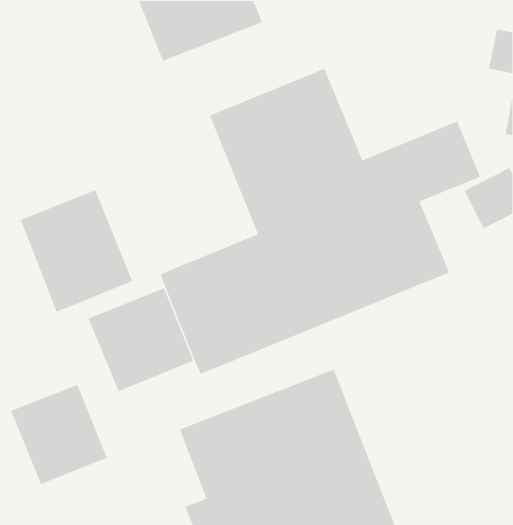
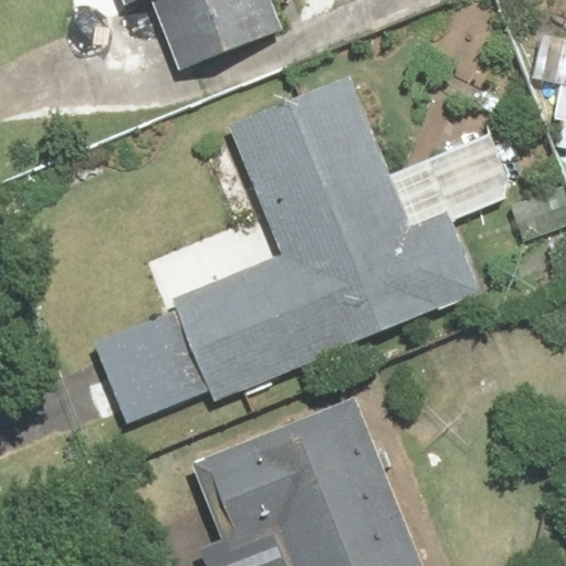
building: [20,189,133,313] -> none
building: [10,384,108,485] -> none

